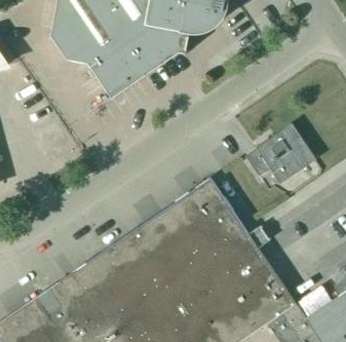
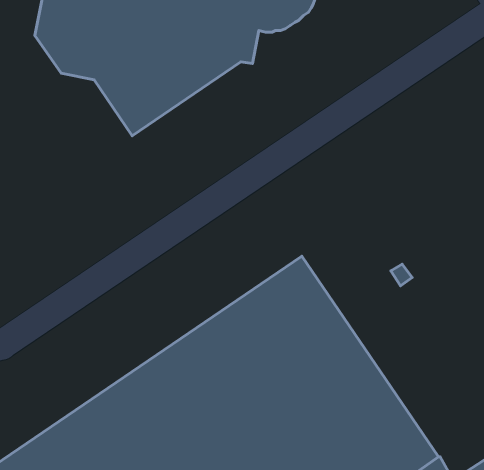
building: [247,127,318,188] -> none

